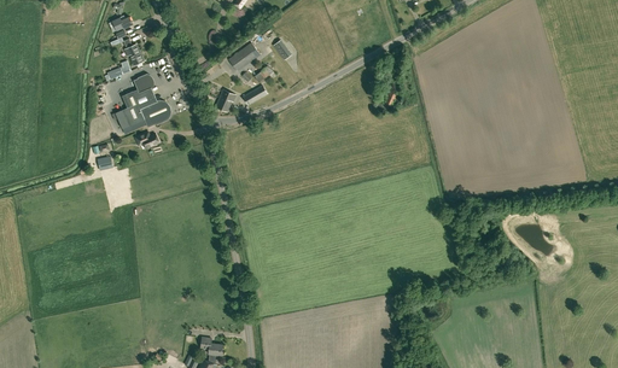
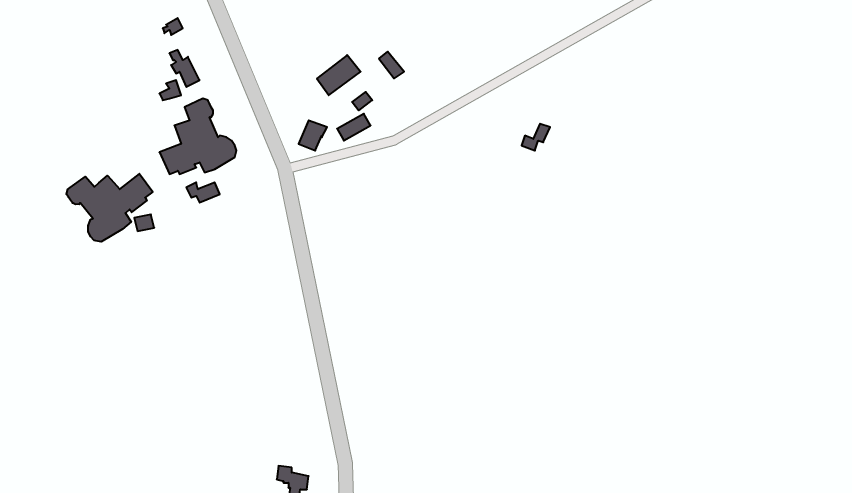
building: none -> [66,174,153,242]

